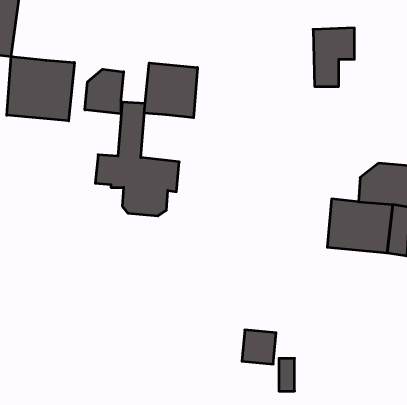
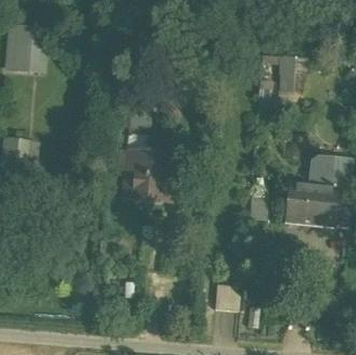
building: [7,56,74,121] -> none
building: [144,63,197,118] -> none
building: [85,69,124,114] -> none

